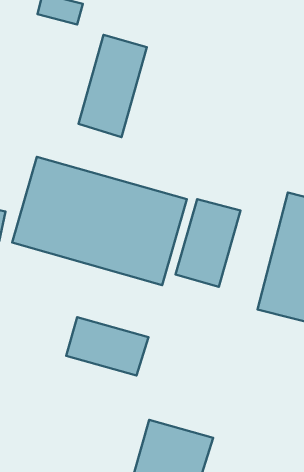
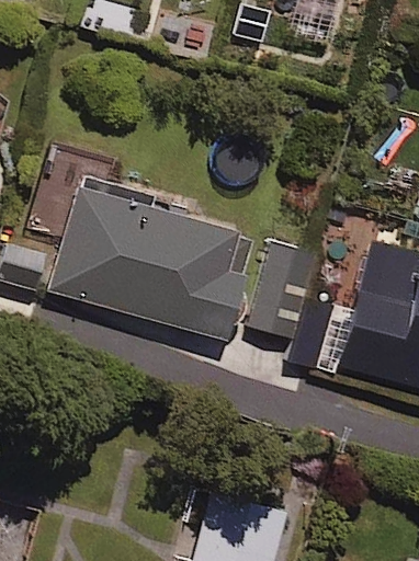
building: [79,35,147,137] -> none
building: [66,317,148,376] -> none

